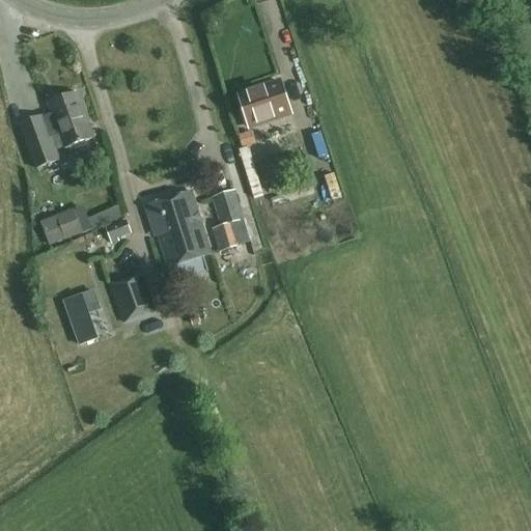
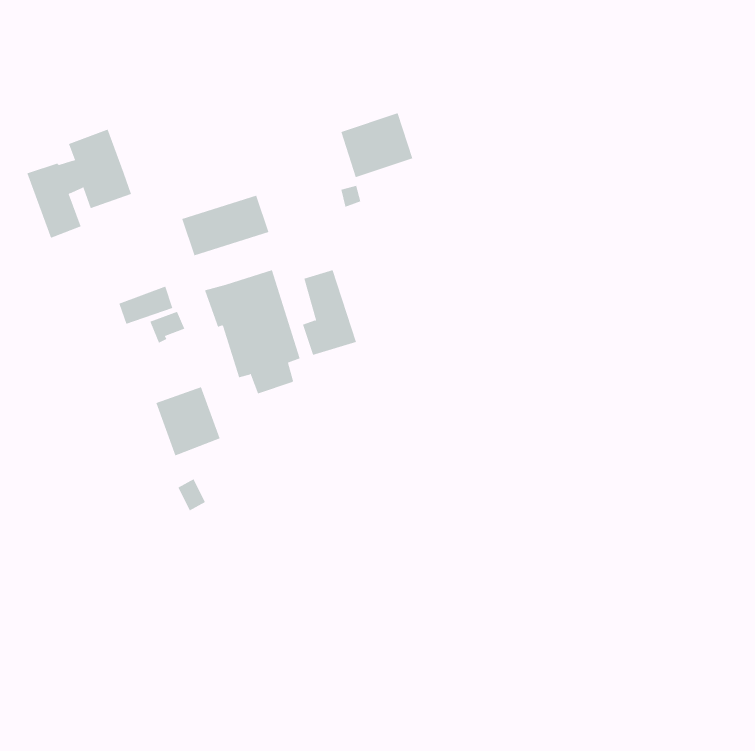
building: none -> [181,195,269,256]
building: [43,214,81,242] -> none
building: [63,289,99,342] -> none

